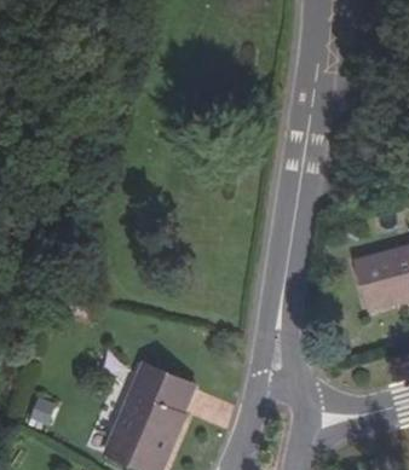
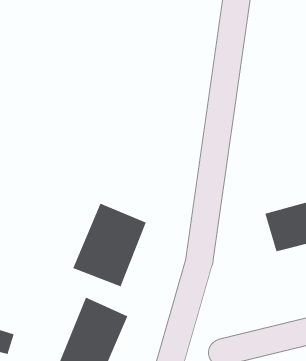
building: none -> [72,203,146,287]

